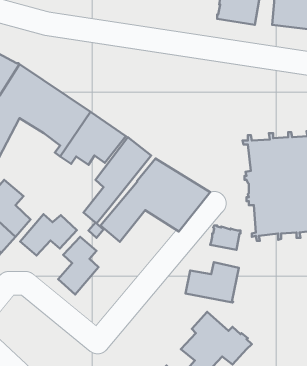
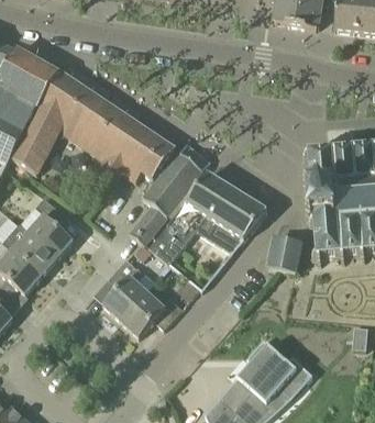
building: [20,214,77,256] -> [121,290,183,335]
building: [185,262,239,303] -> none

